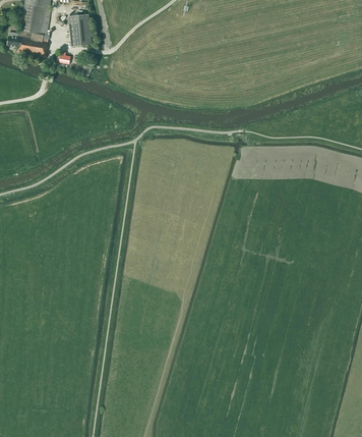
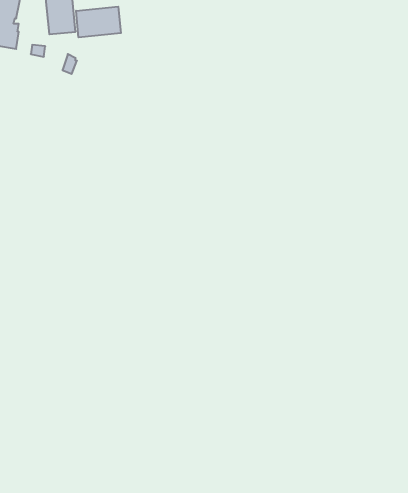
building: none -> [76,7,121,37]

